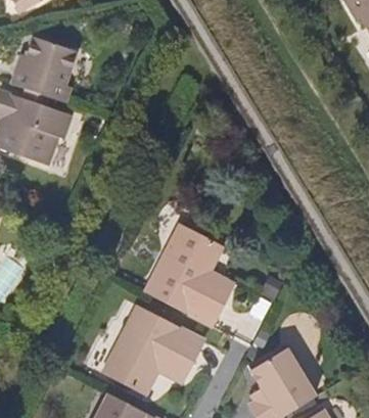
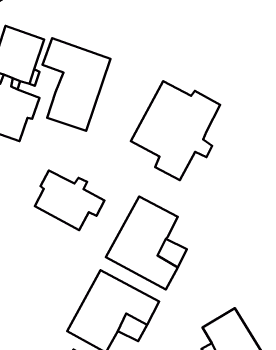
building: none -> [42,38,111,131]
building: none -> [131,81,220,180]
building: none -> [35,170,105,230]

